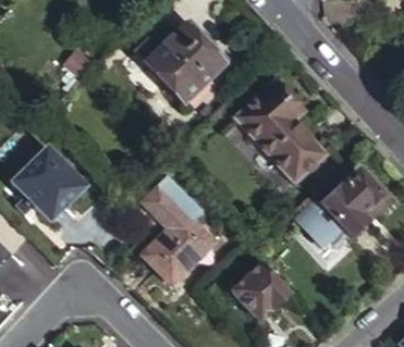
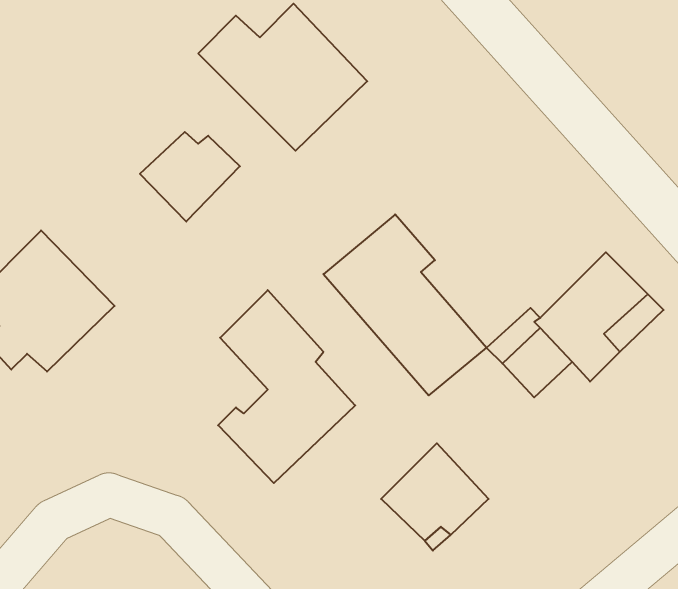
building: [233,83,322,182] -> [323,214,487,395]
building: none -> [140,132,240,222]

